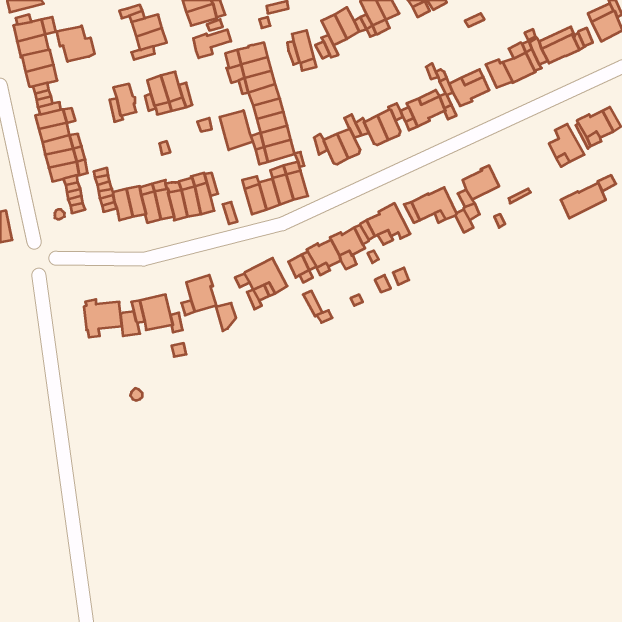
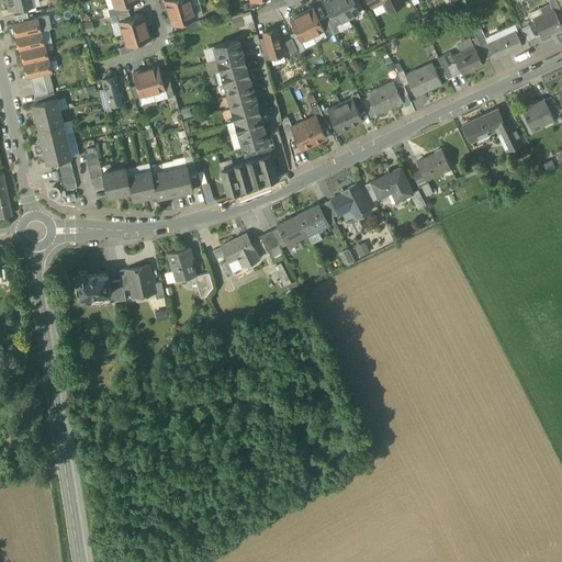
building: [57,26,95,62] -> none
building: [193,30,231,58] -> none
building: [220,110,253,150] -> none
building: [561,183,606,218] -> [463,110,504,142]

